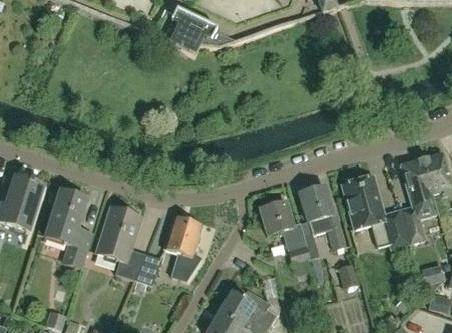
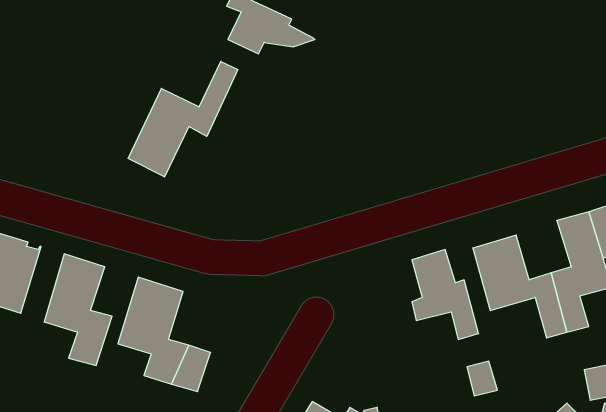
building: none -> [128,61,238,177]
building: [260,201,310,272] -> none
building: [166,216,203,281] -> none

